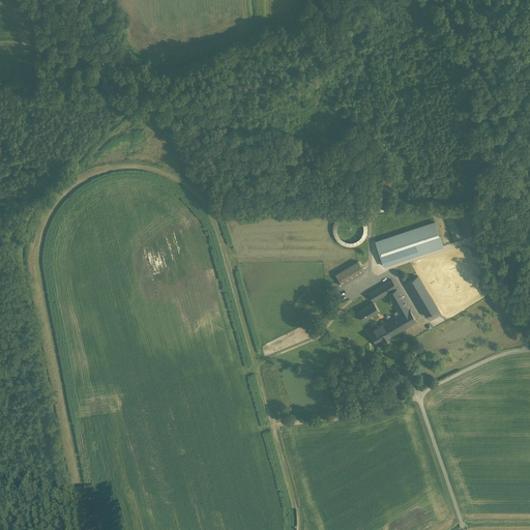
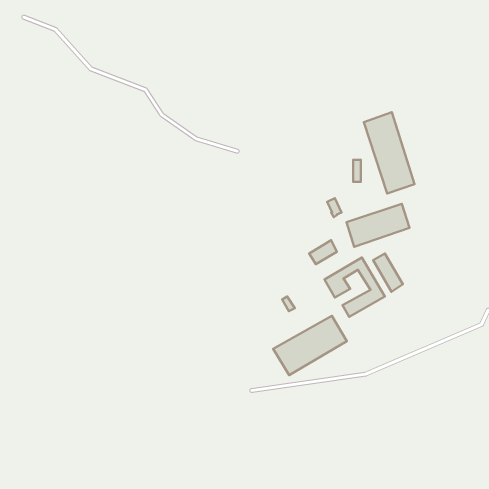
building: none -> [364,112,414,193]
building: none -> [273,316,347,375]

